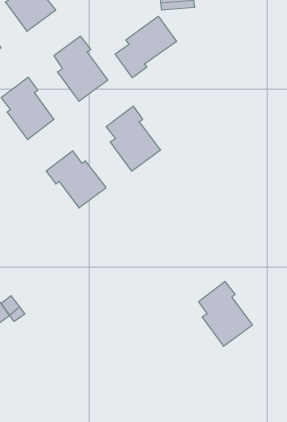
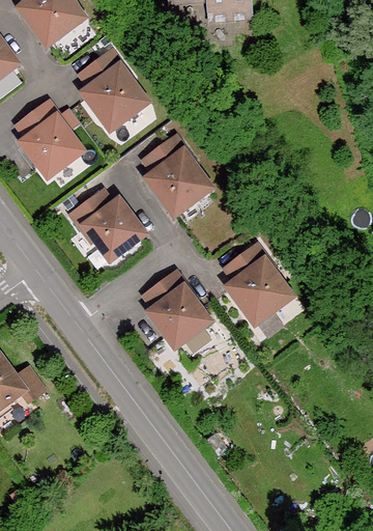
building: [115,16,177,78] -> none
building: none -> [144,271,208,346]
building: [199,281,252,346] -> [226,244,291,323]

